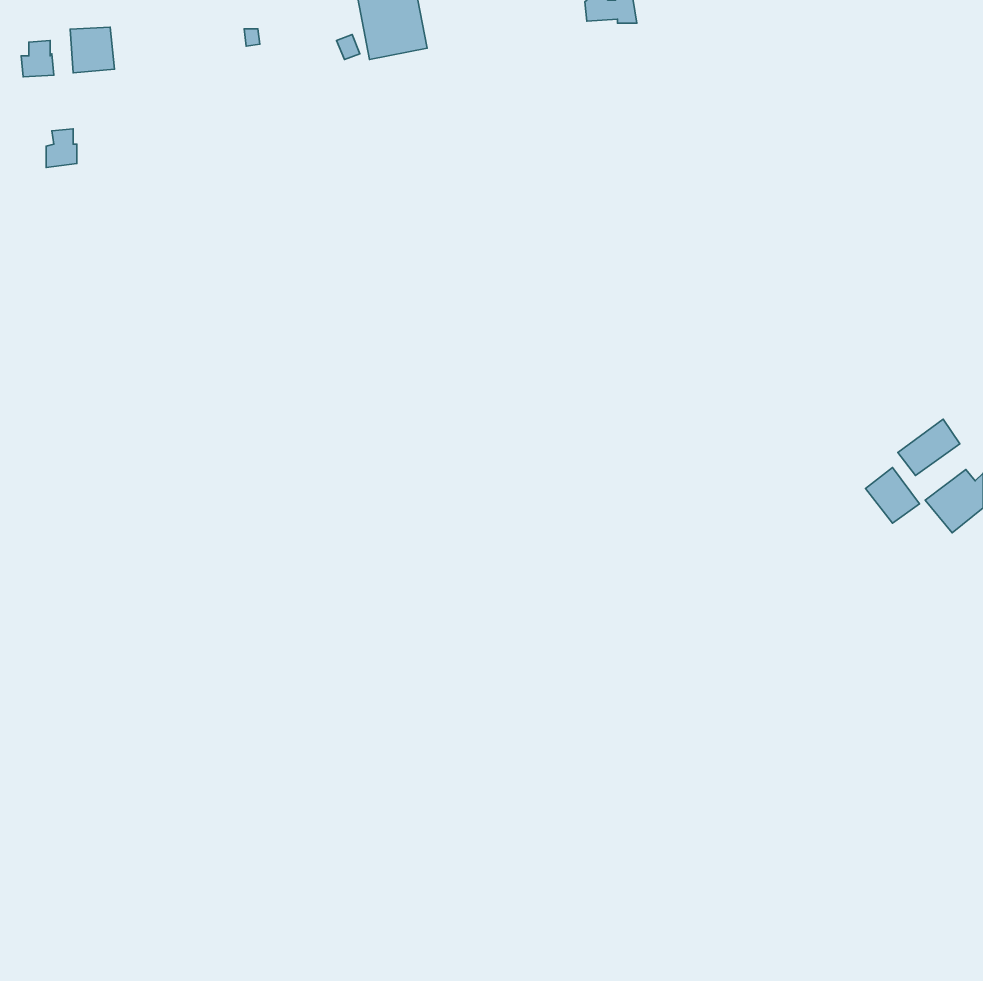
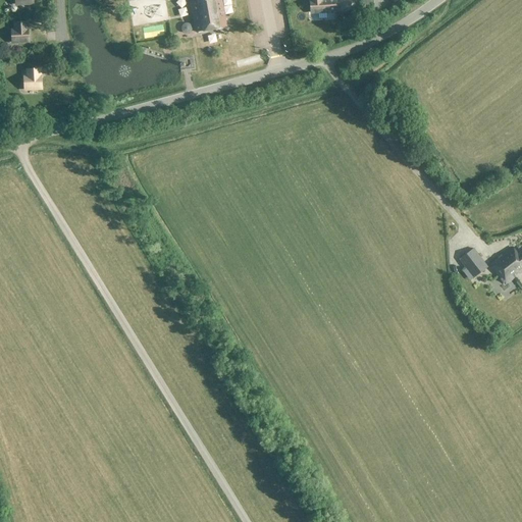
building: [70,27,115,73] -> none
building: [898,419,960,476] -> none

